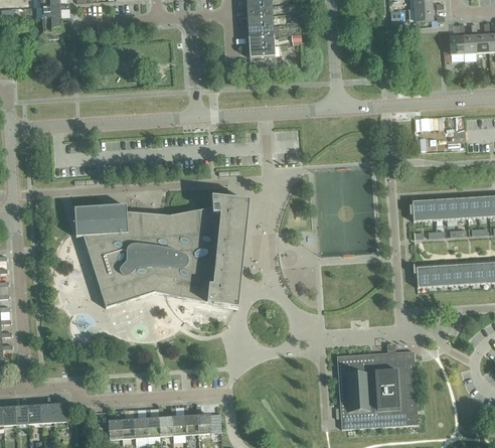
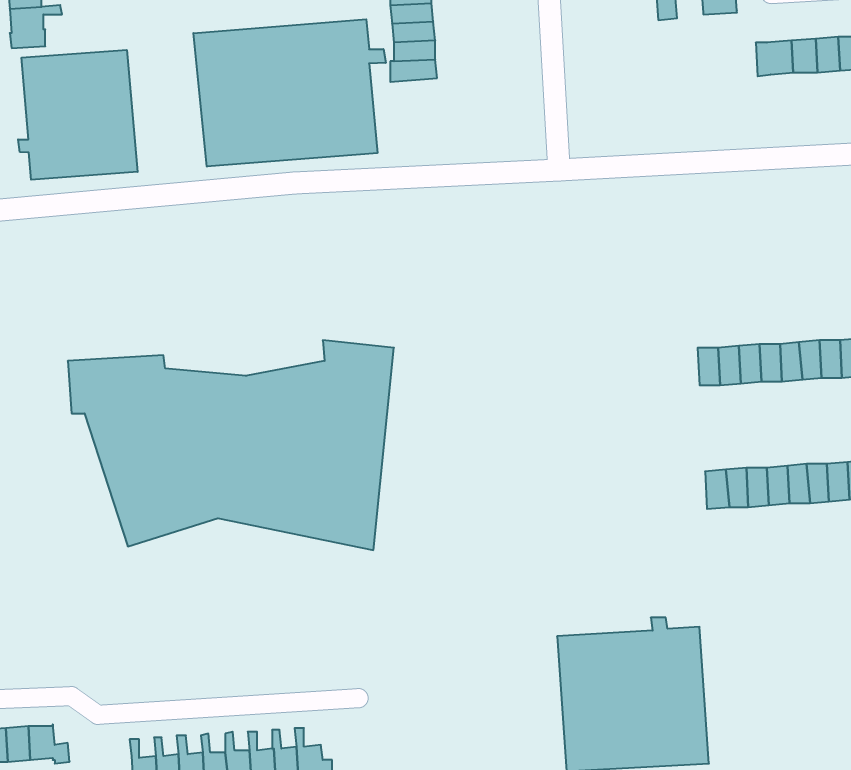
building: none -> [193,19,386,167]
building: none -> [18,50,138,180]

